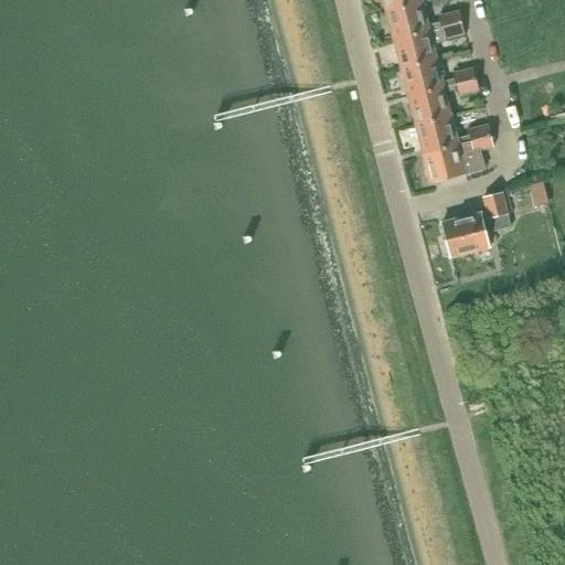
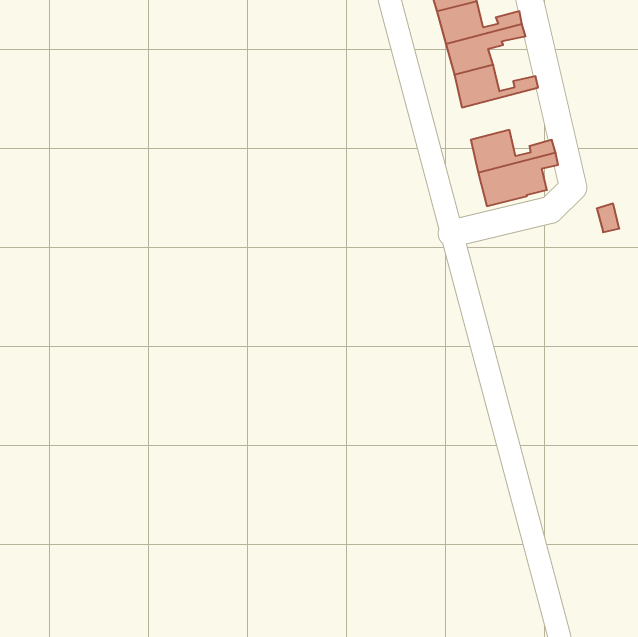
building: [408,77,479,124] -> none
building: [441,191,508,256] -> none

